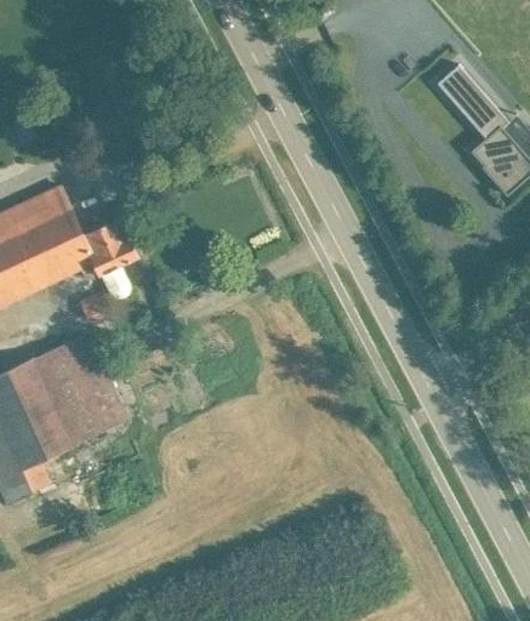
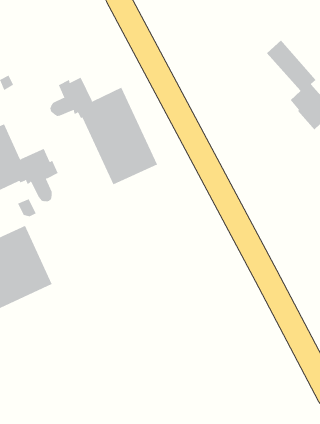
building: none -> [50,77,158,185]

